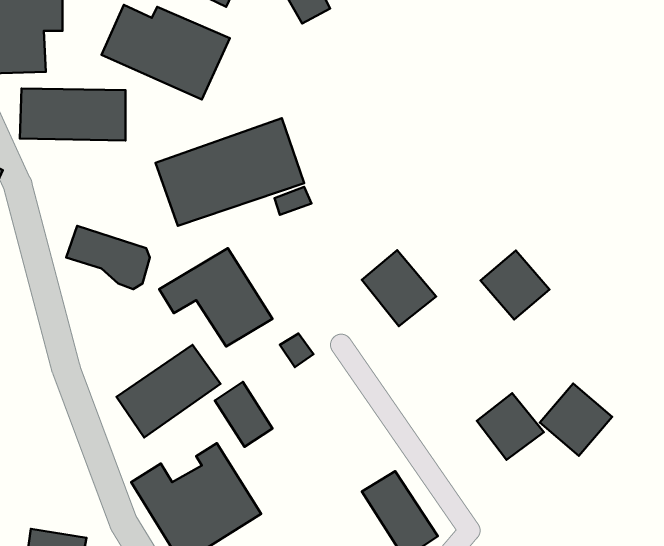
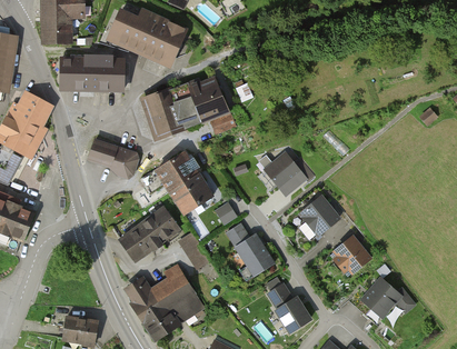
building: [481,251,549,319] -> [300,196,341,237]
building: none -> [226,222,271,271]
building: [540,383,612,456] -> [360,278,404,321]

